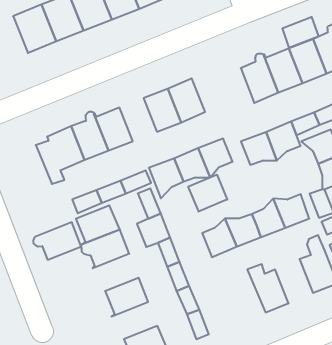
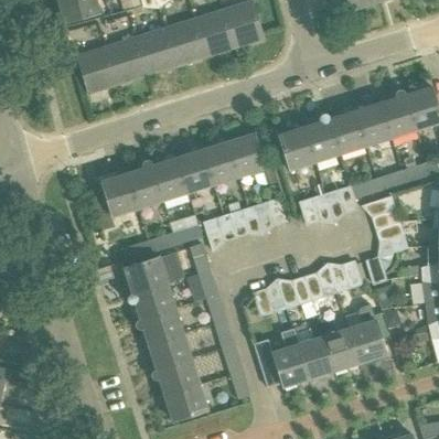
building: [282,17,318,48] -> none
building: none -> [278,126,315,170]
building: none -> [178,149,214,192]
building: [188,175,227,212] -> none
building: [33,222,81,260] -> [136,307,184,343]
building: none -> [324,325,361,370]
building: none -> [257,328,311,386]
building: none -> [151,357,200,394]

